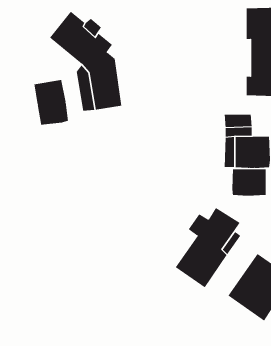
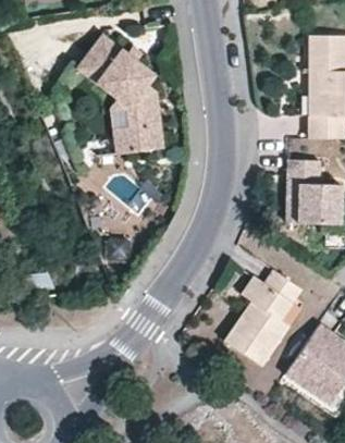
building: [34,79,68,126] -> none
building: [232,168,266,196] -> none

